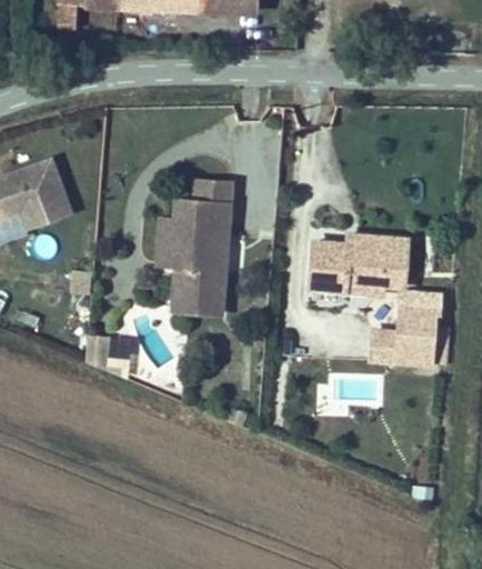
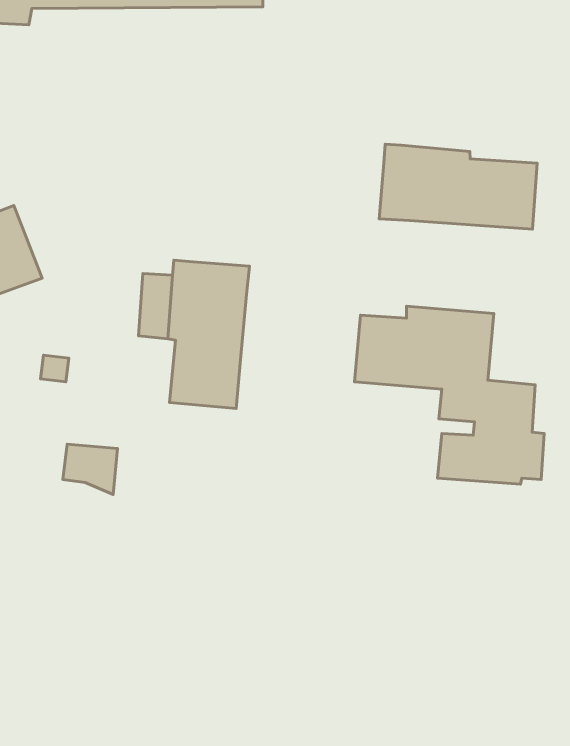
building: none -> [379,144,537,229]
building: [189,178,233,204] -> none

